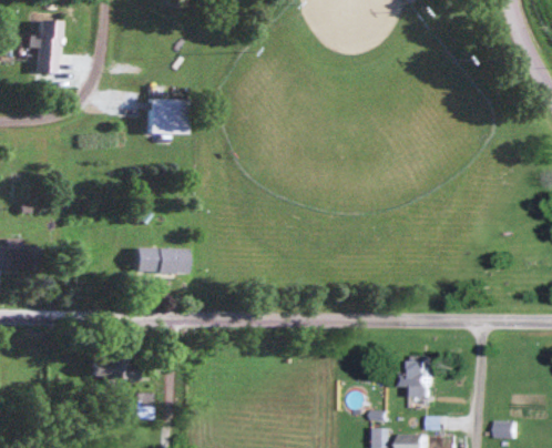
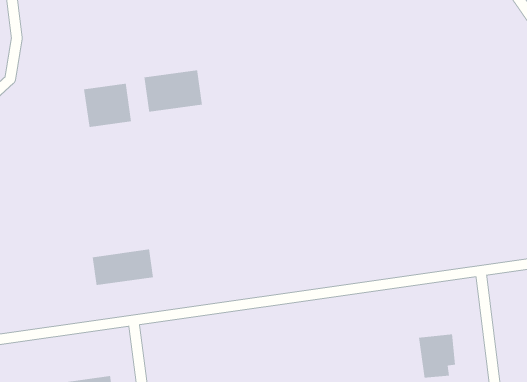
building: none -> [144,69,202,113]

